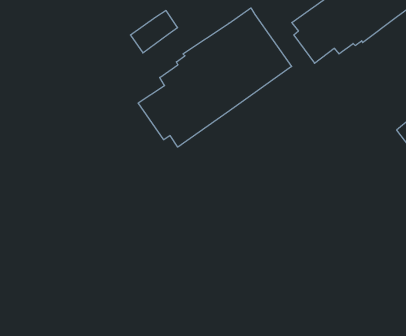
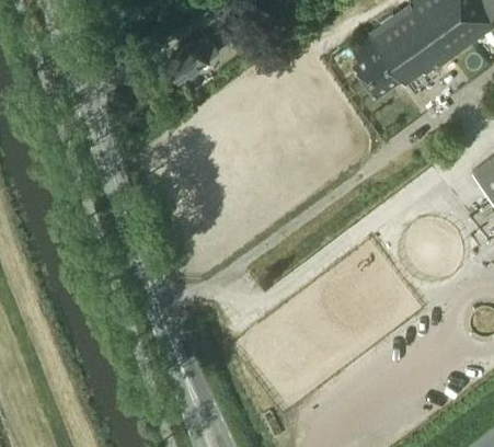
building: [138,8,292,147] -> none

